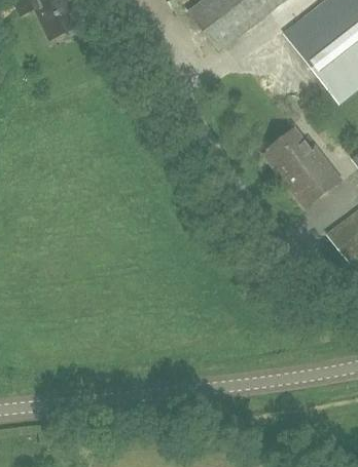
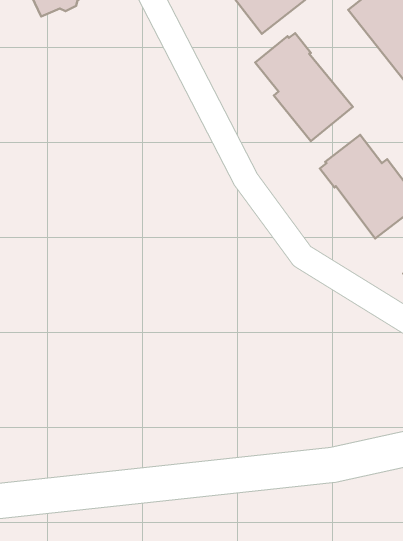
building: none -> [255,33,353,141]

